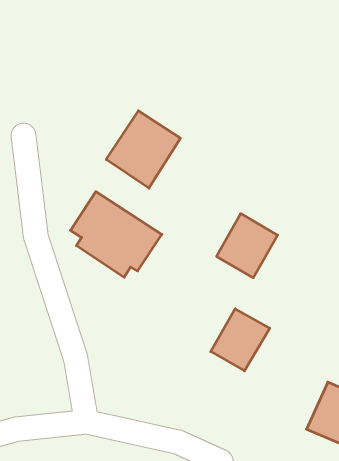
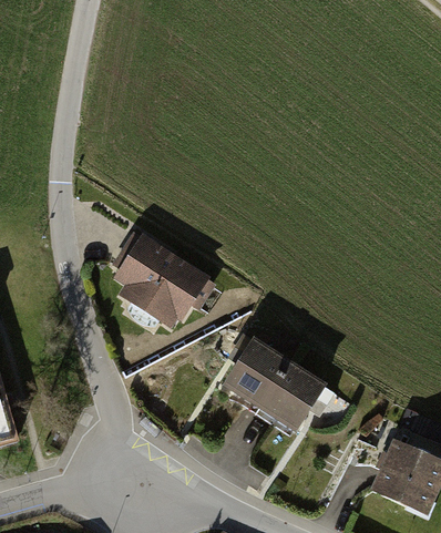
building: [106,111,180,188] -> none
building: [217,214,278,278] -> [223,337,289,407]

